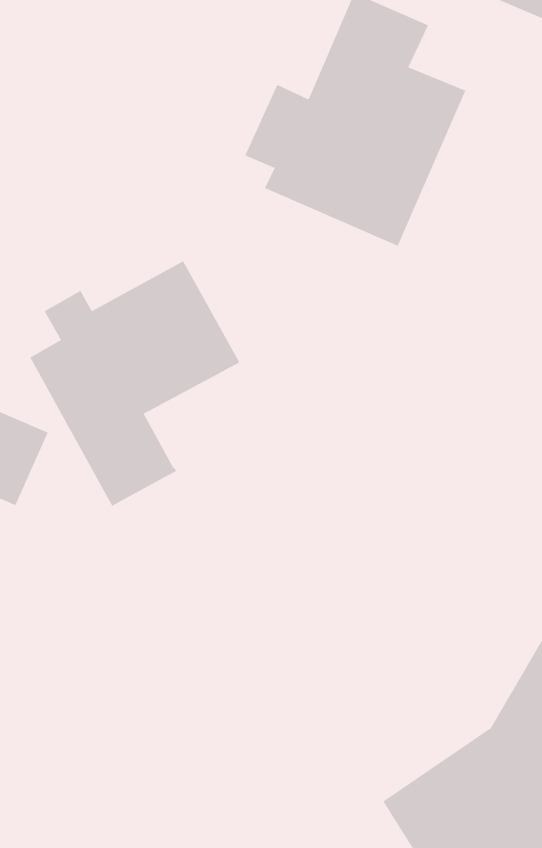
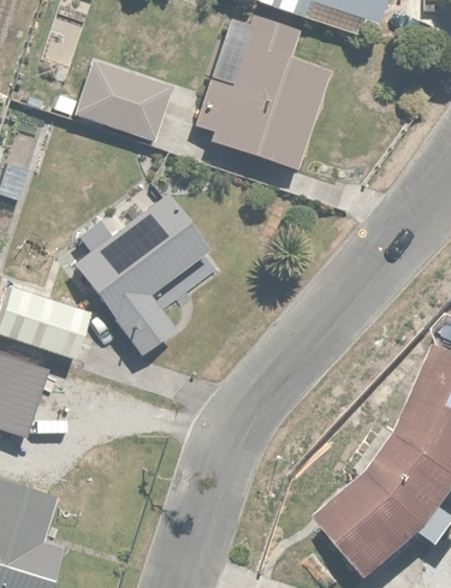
building: none -> [72,61,171,138]

